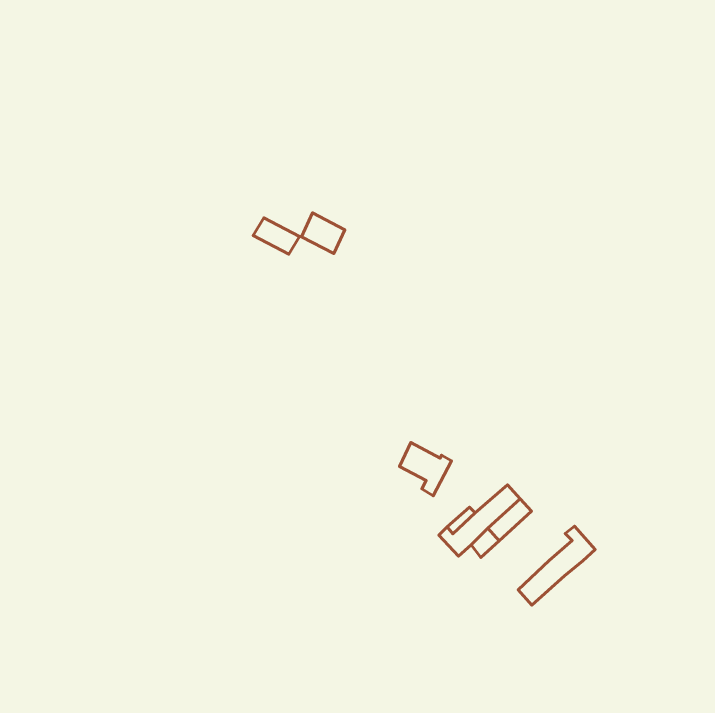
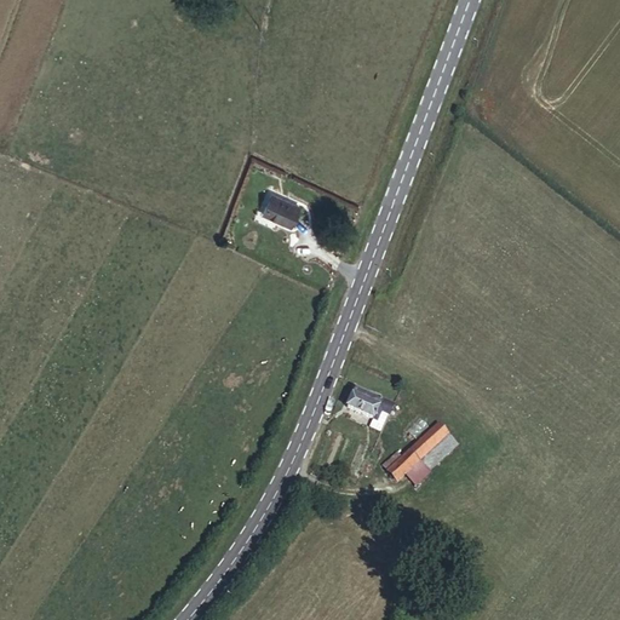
building: [253,218,300,254] -> none
building: [518,526,595,605] -> none

